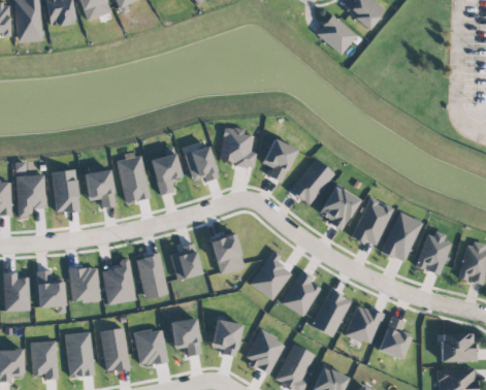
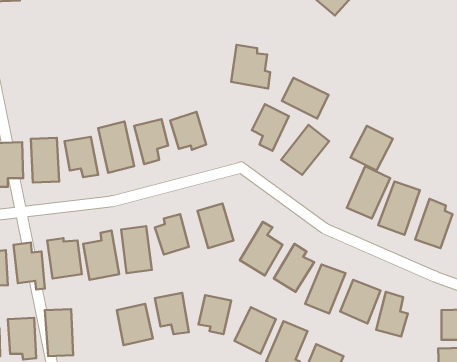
building: none -> [282,78,328,119]
building: [220,126,257,167] -> [231,45,270,88]
building: [319,186,359,228] -> [351,126,393,171]
building: [100,327,131,372] -> none

